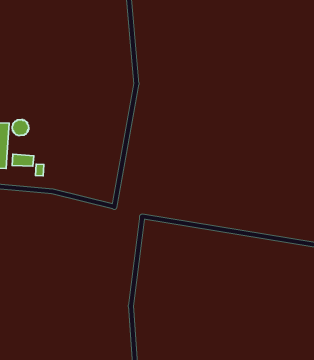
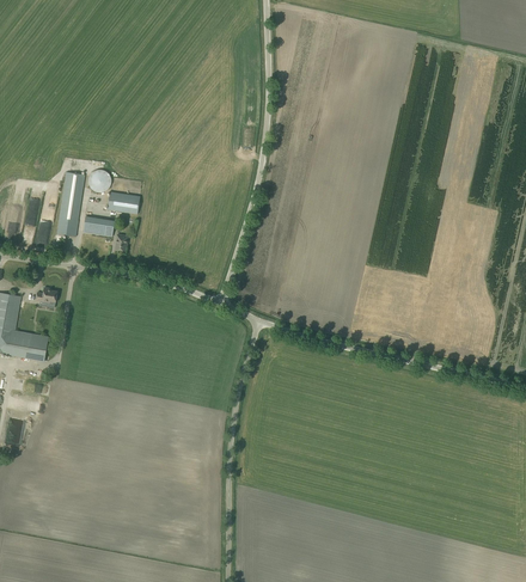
building: none -> [106,191,139,214]

